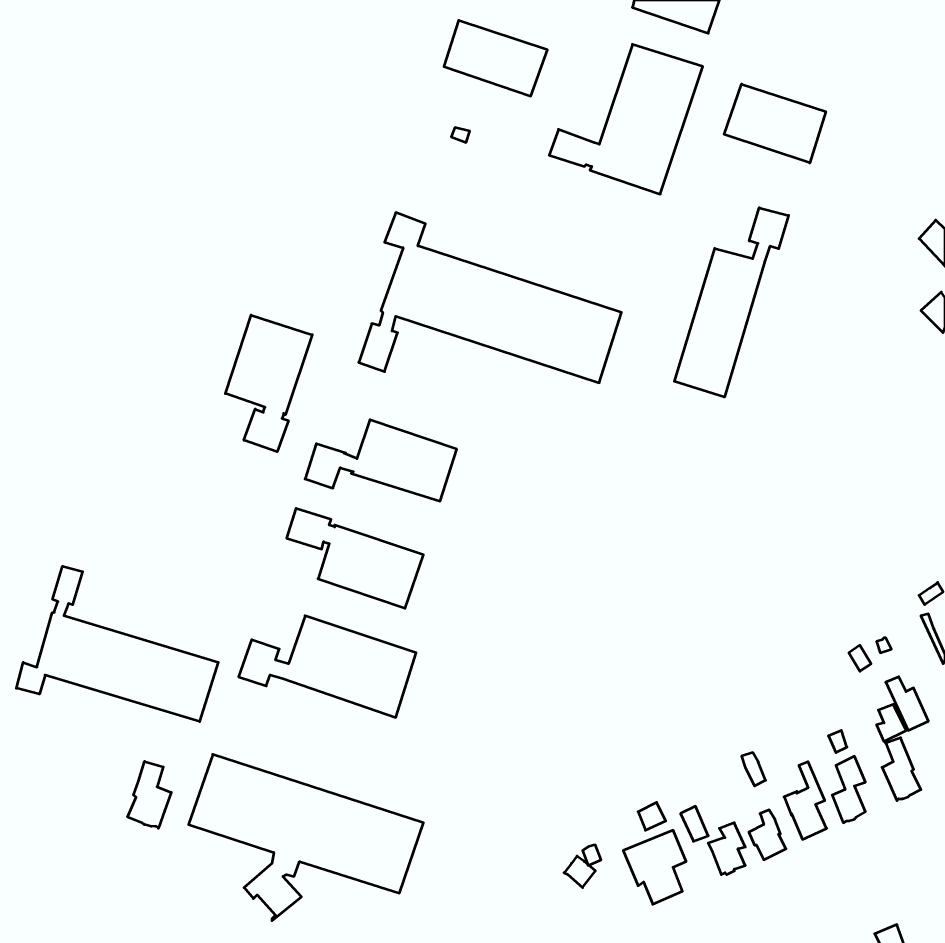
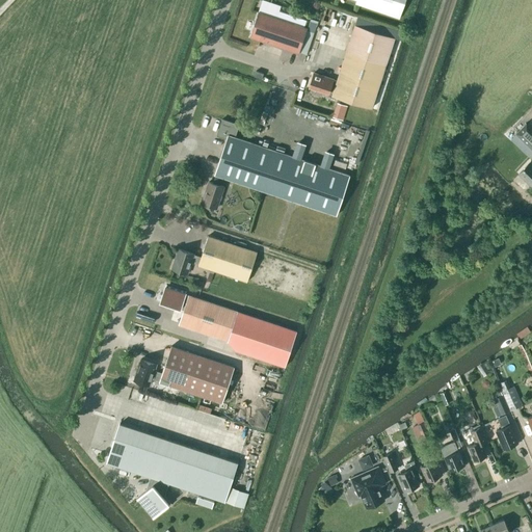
building: [724,84,826,163] -> none
building: [674,208,789,397] -> none
building: [225,315,312,452] -> none
building: none -> [228,313,297,369]
building: [16,566,218,722] -> none
building: [128,761,171,828] -> none

